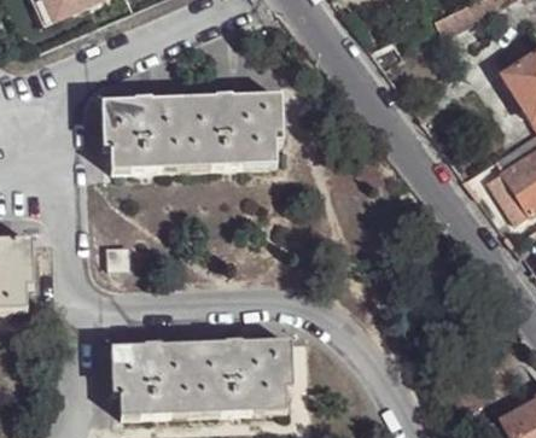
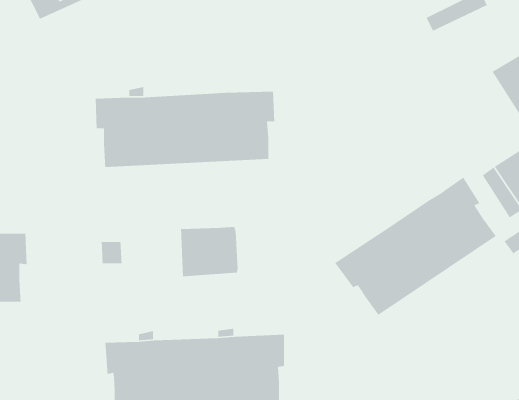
building: none -> [334,177,497,316]
building: none -> [180,226,238,277]

